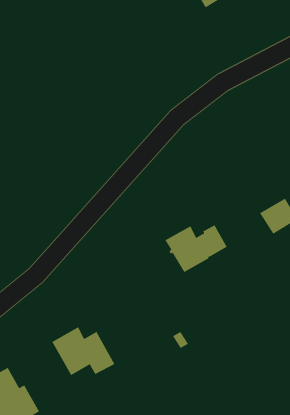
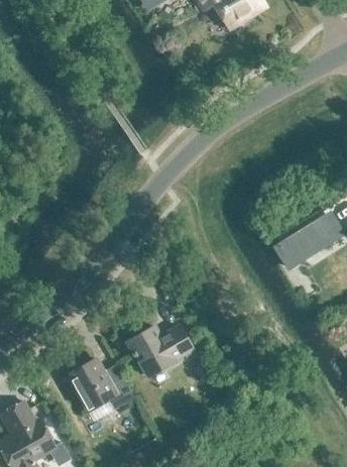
building: [165,225,227,273] -> [128,327,194,377]

